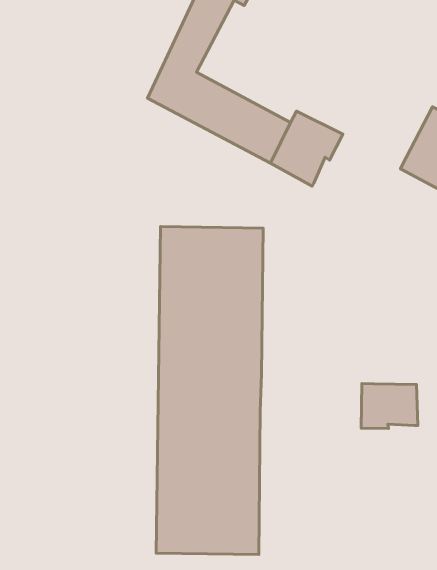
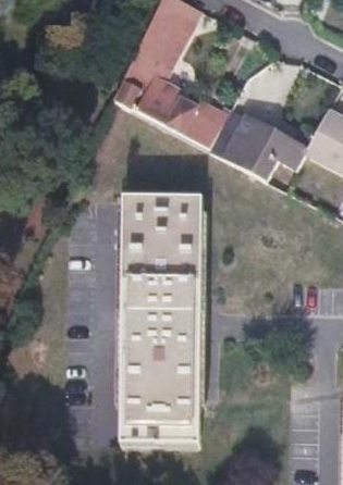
building: none -> [240,126,306,187]
building: [361,384,418,429] -> none

